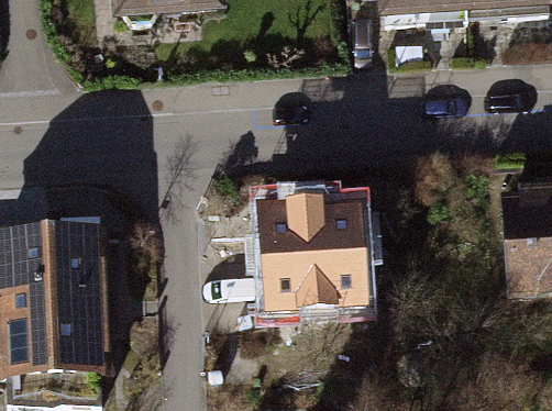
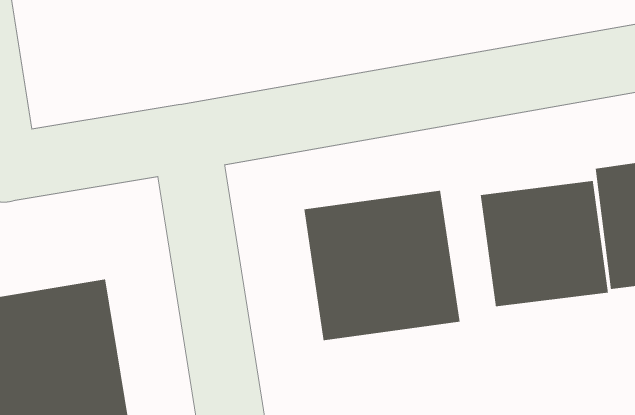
building: none -> [480,180,609,307]

